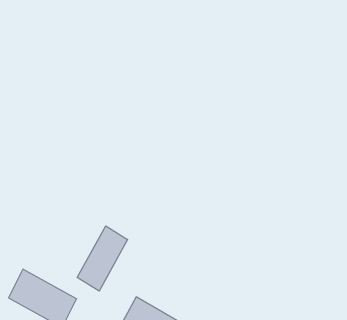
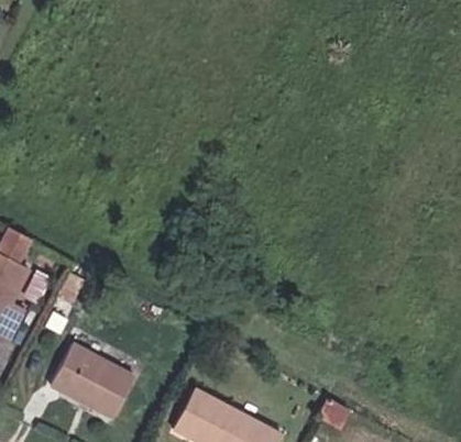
building: [77,226,128,291] -> none

